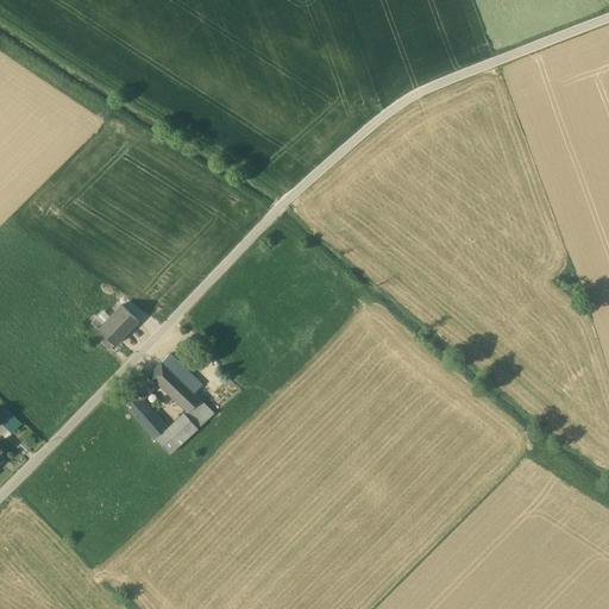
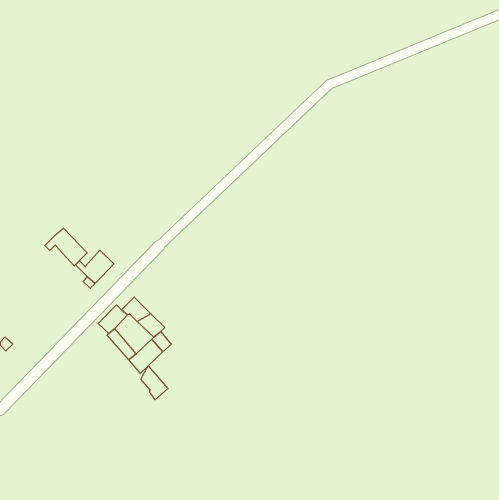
building: none -> [45,228,87,266]
building: none -> [141,366,168,400]

